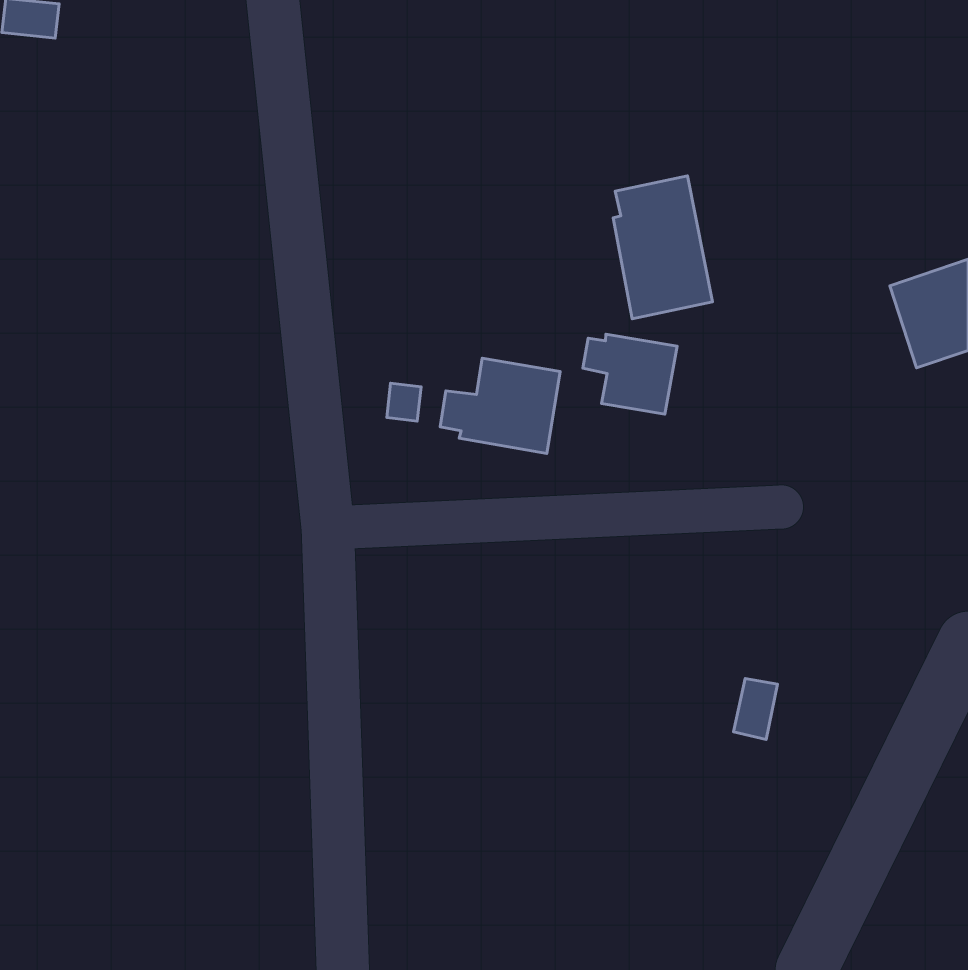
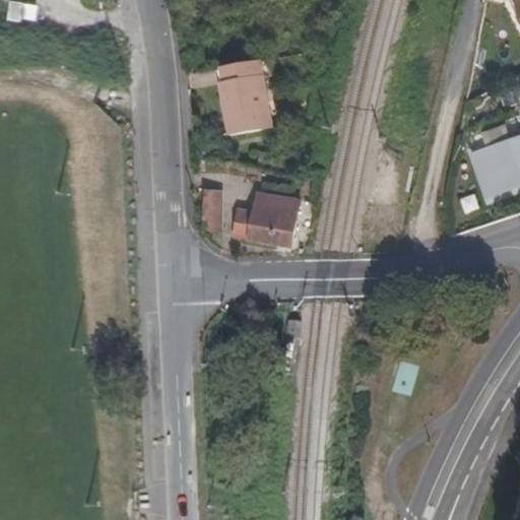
building: [613,176,712,319] -> [218,59,271,135]
building: [583,334,677,414] -> none

